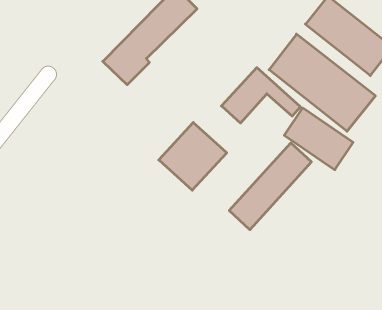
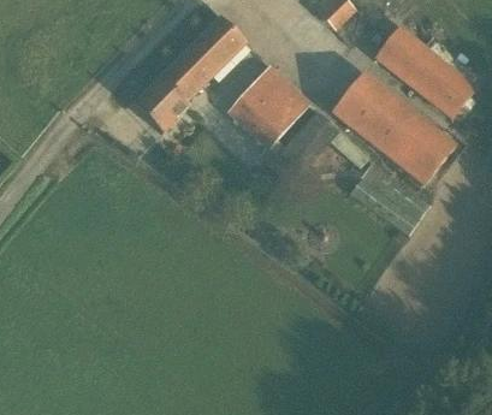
building: [159,122,227,190] -> [230,65,310,146]
building: [229,143,311,230] -> none

